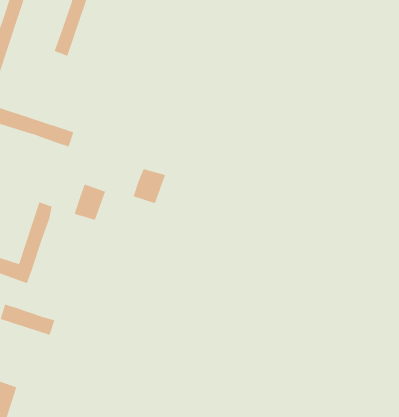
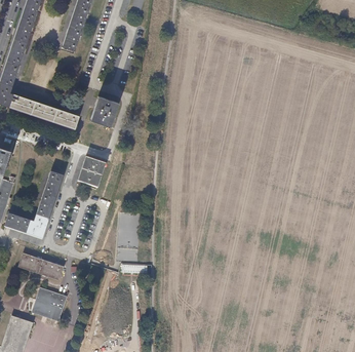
building: [133,169,166,204] -> [91,96,118,125]
building: none -> [32,288,67,320]

